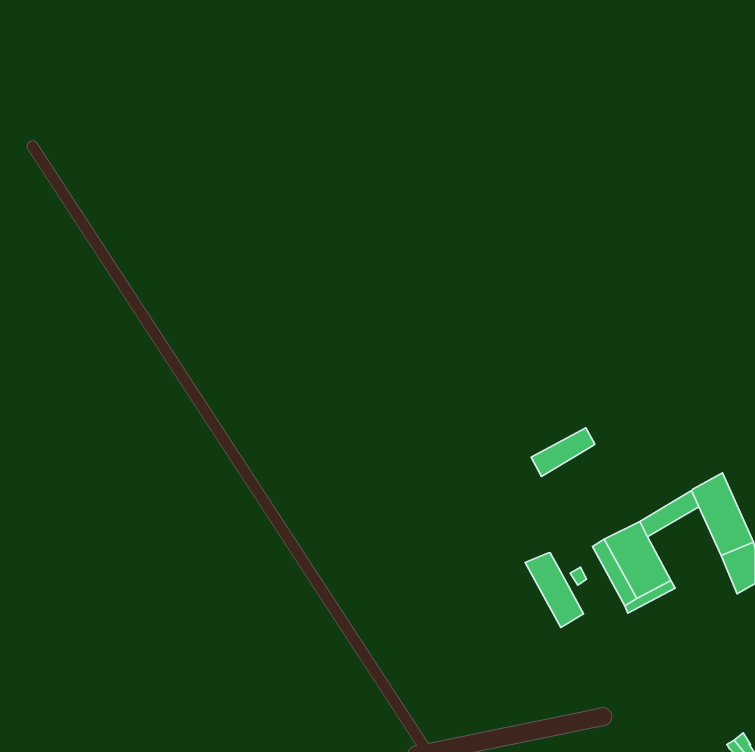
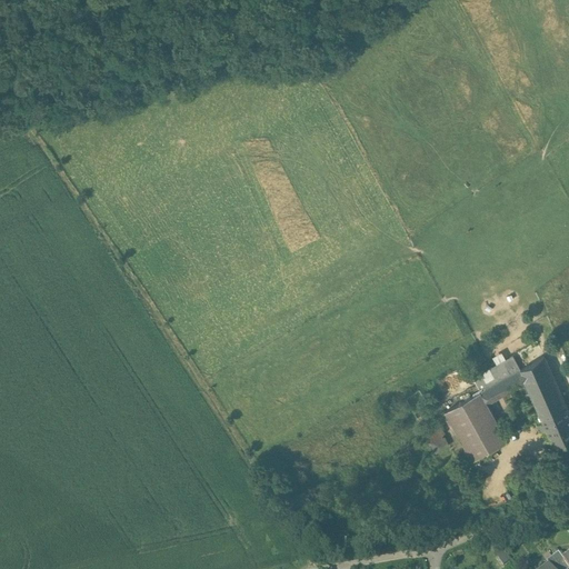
building: [531,428,595,477] -> [473,358,521,395]
building: [525,553,583,627] -> none

